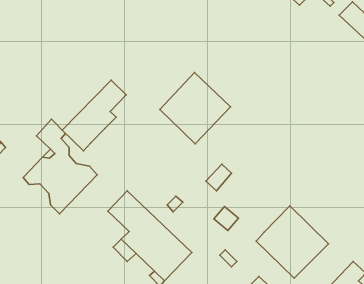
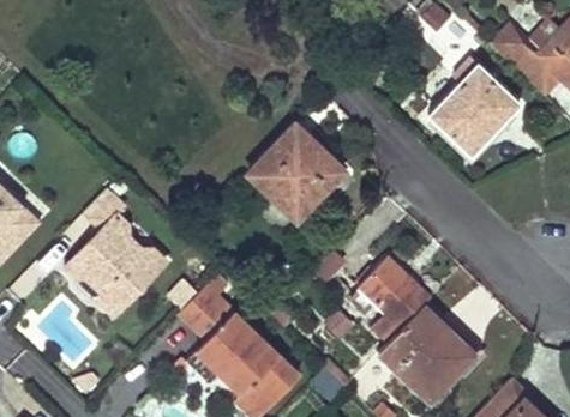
building: none -> [432,59,520,153]
building: [62,80,126,151] -> none
building: none -> [358,254,433,340]

